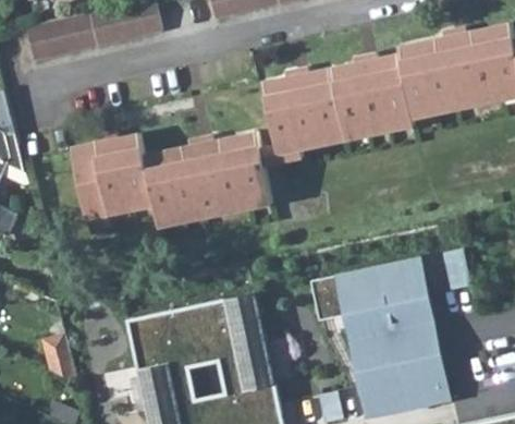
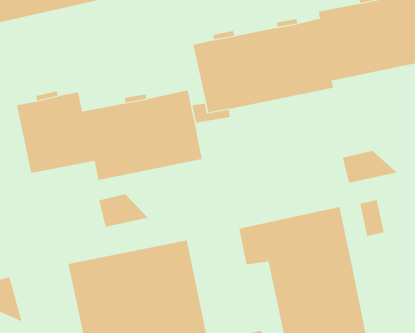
building: none -> [342,150,398,183]
building: none -> [99,193,149,227]

